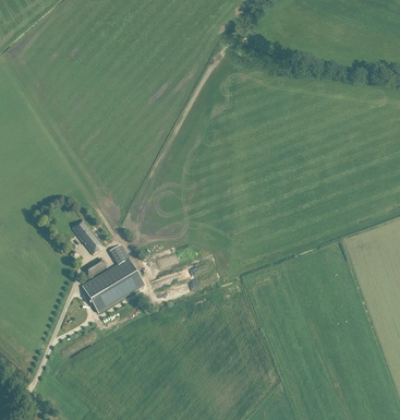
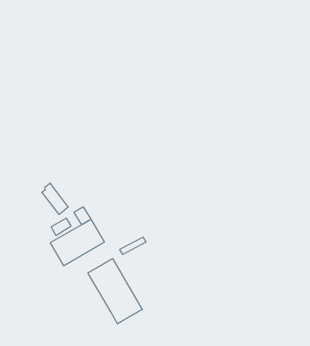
building: none -> [88,259,142,324]

